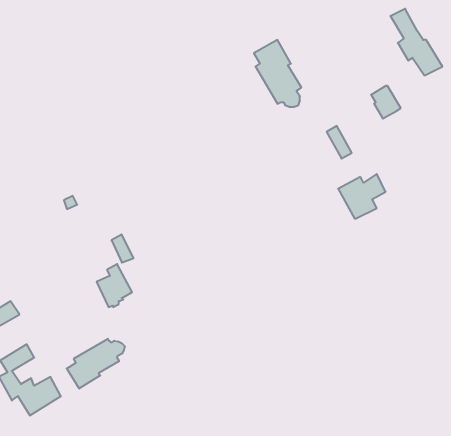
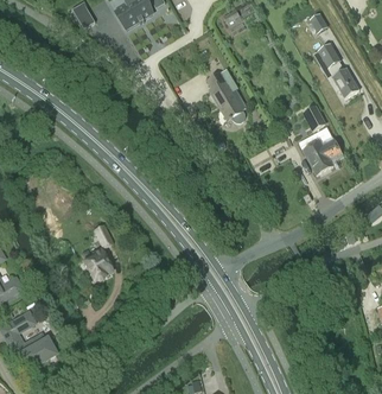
building: [338,174,386,218] -> [304,138,342,173]
building: [67,339,125,389] -> none

